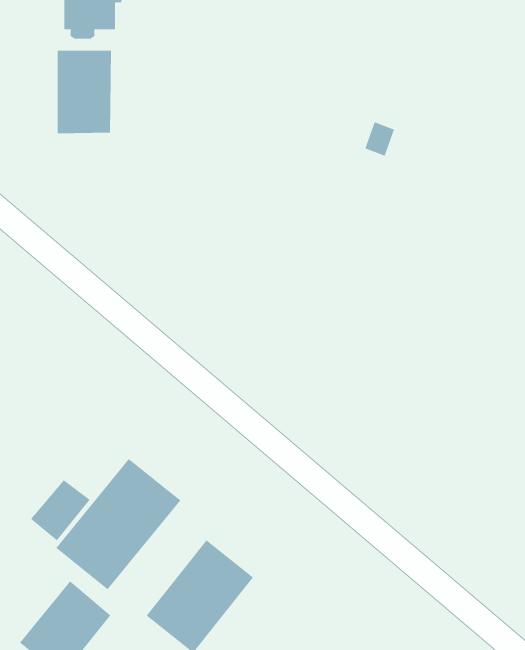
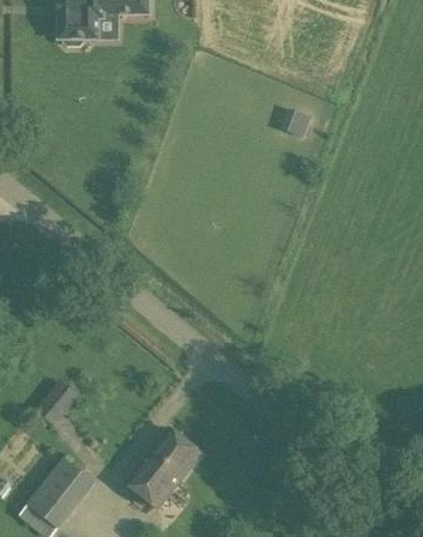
building: [57,50,111,134] -> none
building: [55,458,181,590] -> none

